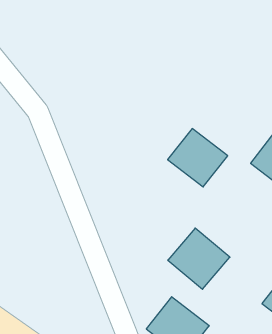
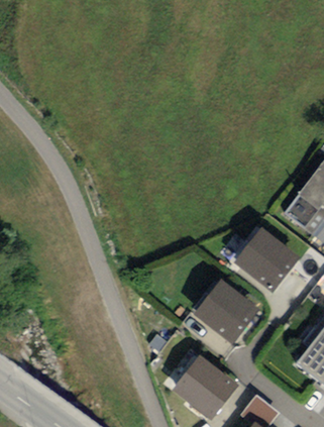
building: [168,129,228,187] -> [234,228,299,291]

